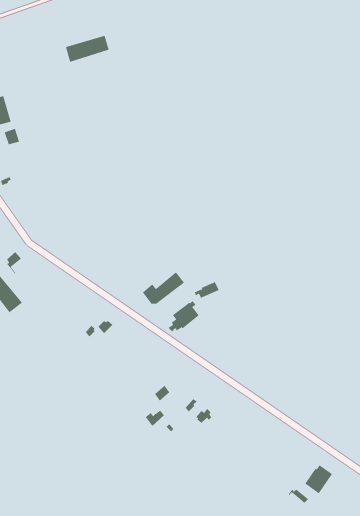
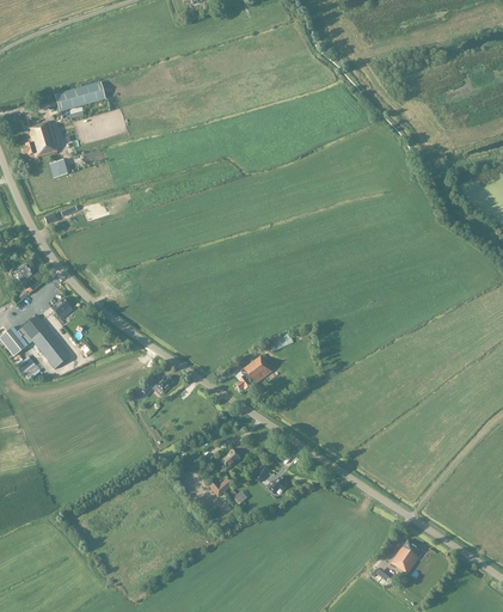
building: [65,35,109,63] -> [54,81,104,112]
building: [142,272,185,305] -> none

